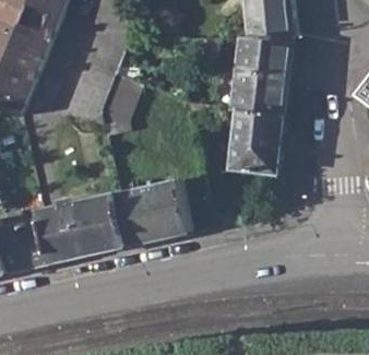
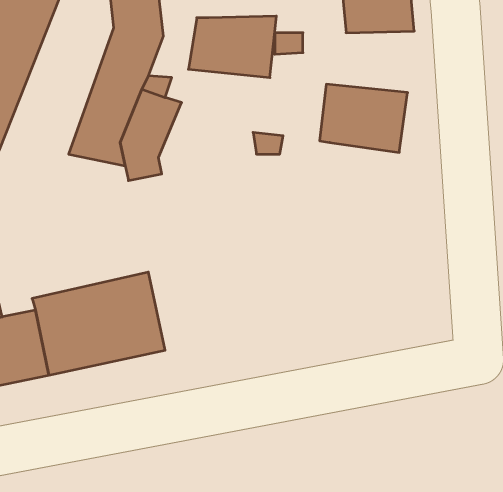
building: [233,37,290,78] -> [188,16,276,78]
building: [229,110,281,174] -> none
building: [116,181,189,247] -> none

